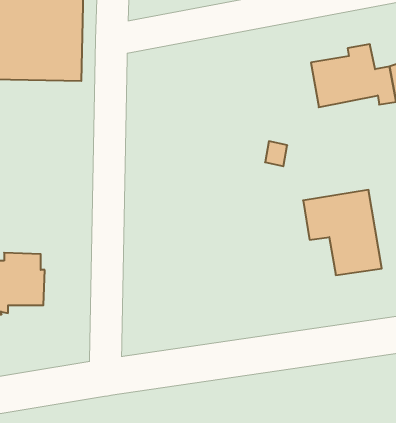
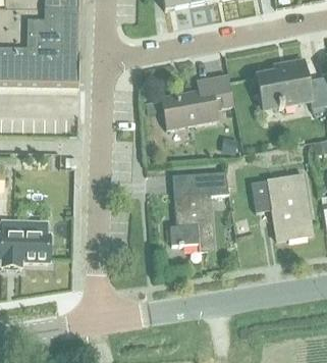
building: none -> [160,73,233,128]
building: none -> [170,169,228,248]

